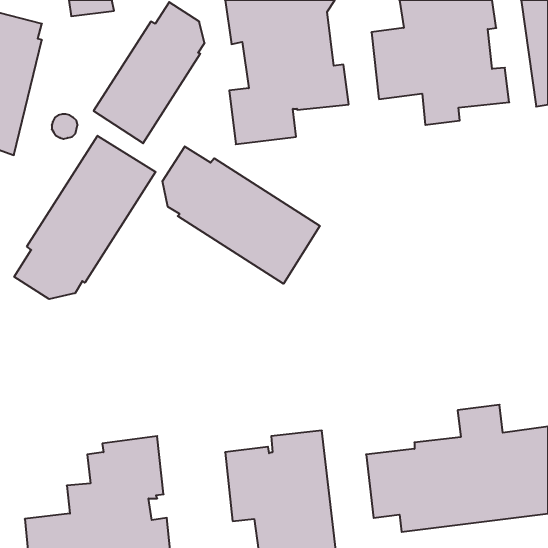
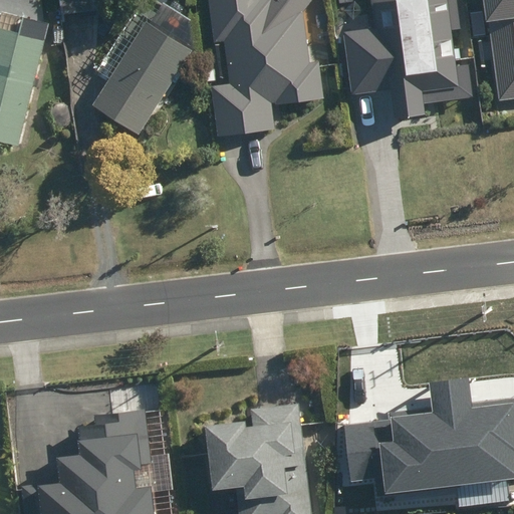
building: [14,136,156,299] -> none
building: [163,146,320,284] -> none

